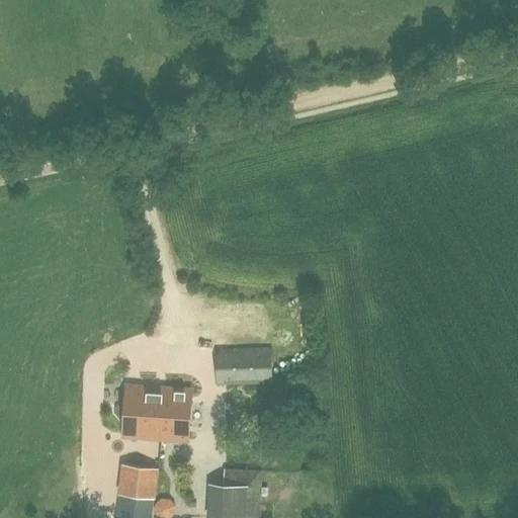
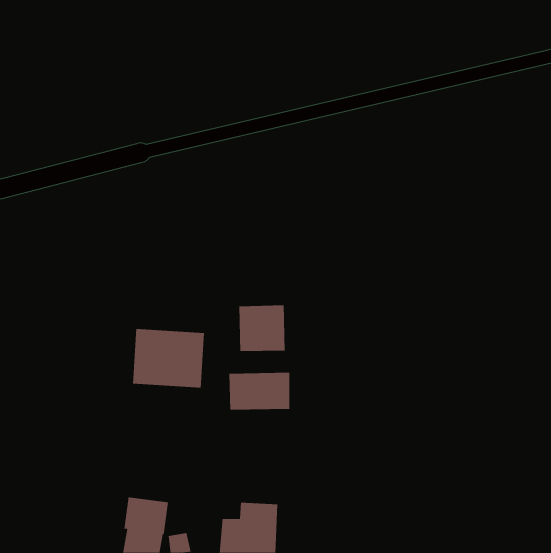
building: none -> [239,305,285,352]
building: [121,385,189,441] -> [132,329,205,388]

